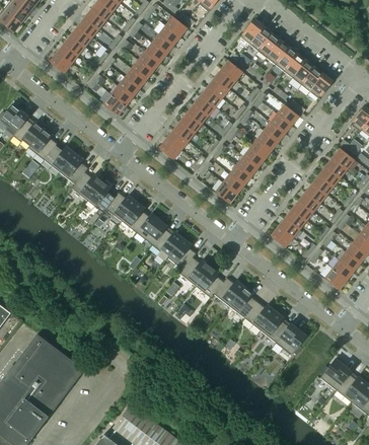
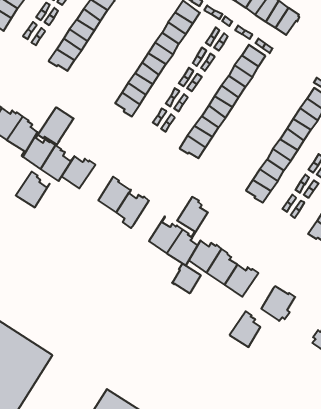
building: none -> [38,107,74,145]
building: [121,202,152,234] -> [16,172,50,207]
building: [167,238,196,275] -> [177,197,208,237]
building: none -> [172,263,201,293]
building: [260,311,288,344] -> [230,311,260,347]

